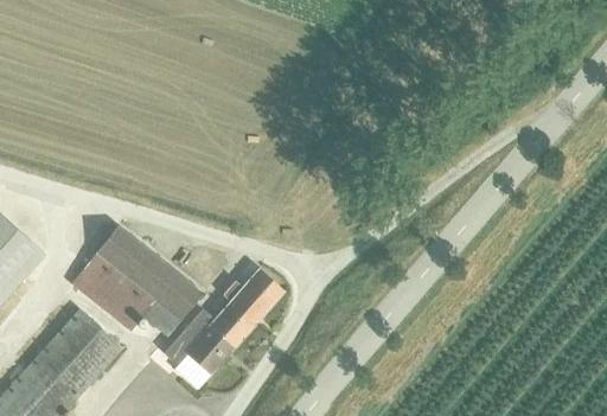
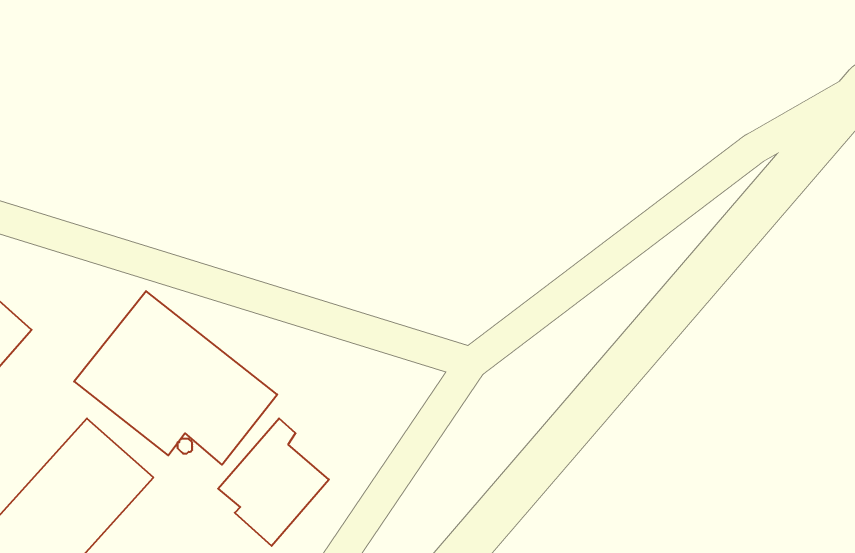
building: [207,268,283,346] -> none

